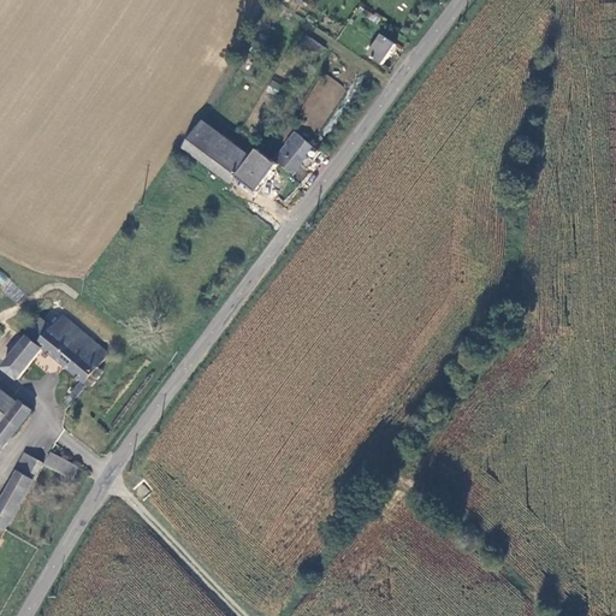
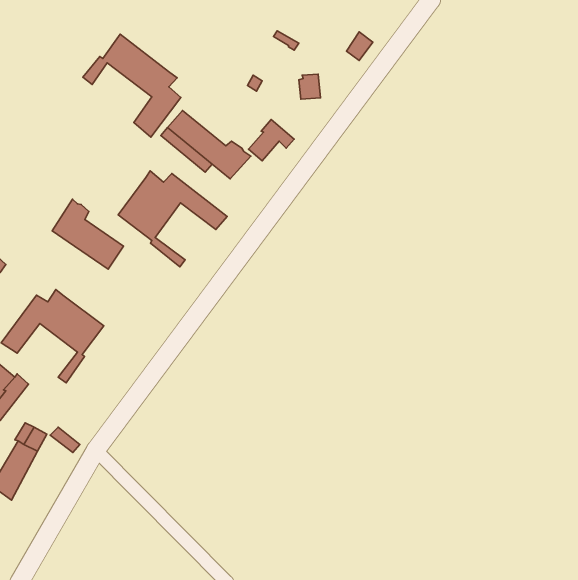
building: none -> [83,34,181,137]
building: none -> [118,171,227,267]
building: none -> [52,199,123,269]

